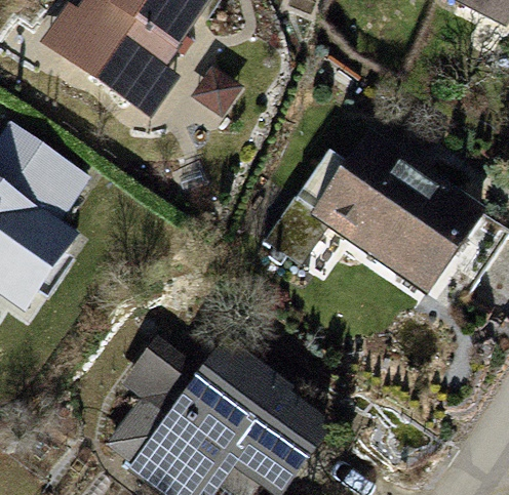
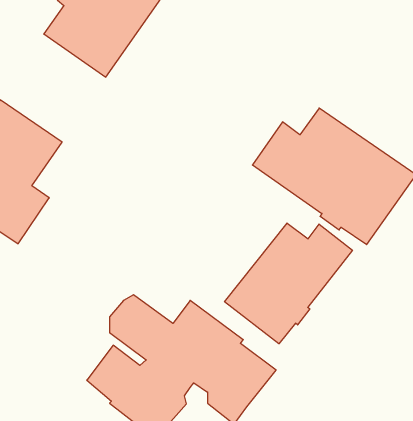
building: none -> [225,223,352,344]

